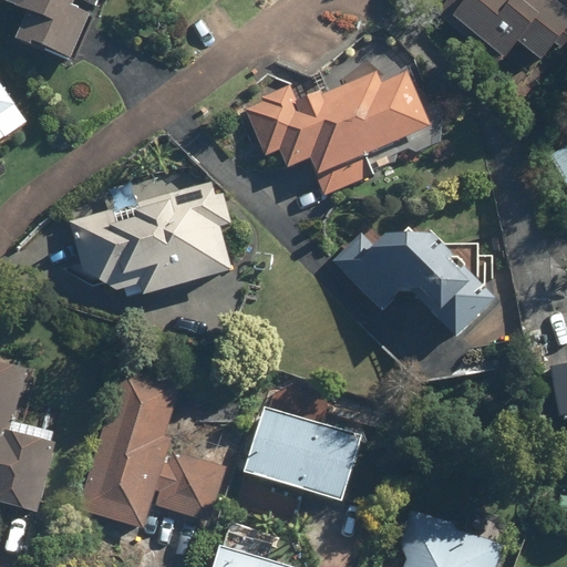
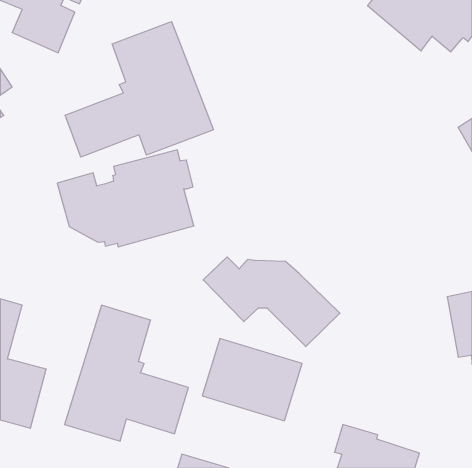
building: none -> [65,22,214,157]
building: [245,69,431,194] -> none
building: [332,230,496,338] -> [203,257,340,347]

